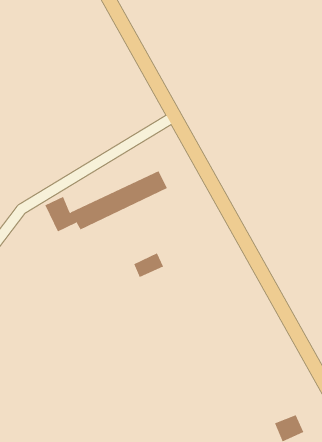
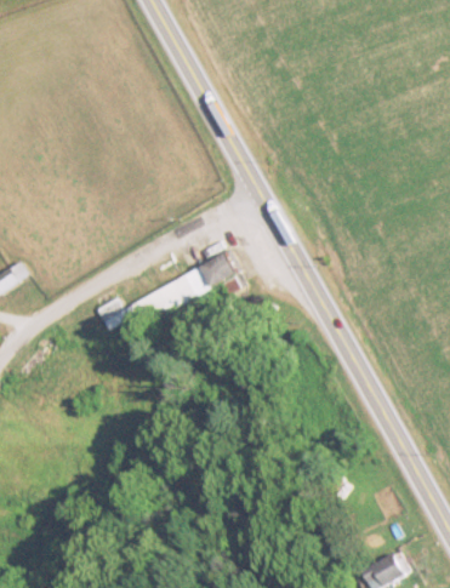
building: [133,252,164,278] -> none

